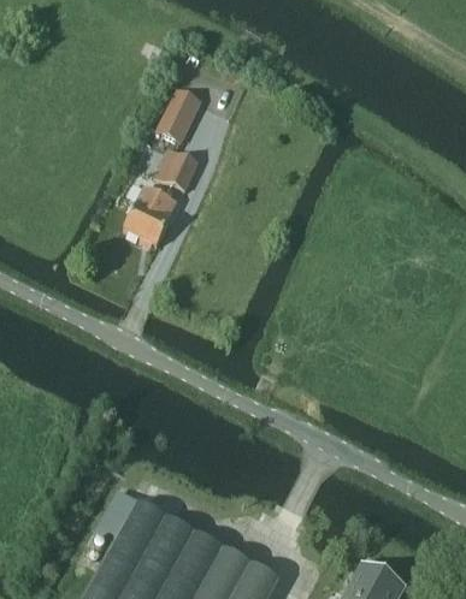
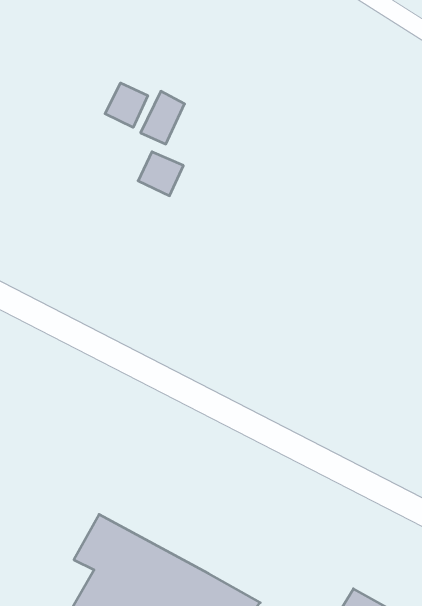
building: none -> [105,83,148,127]
building: [125,188,177,248] -> none

